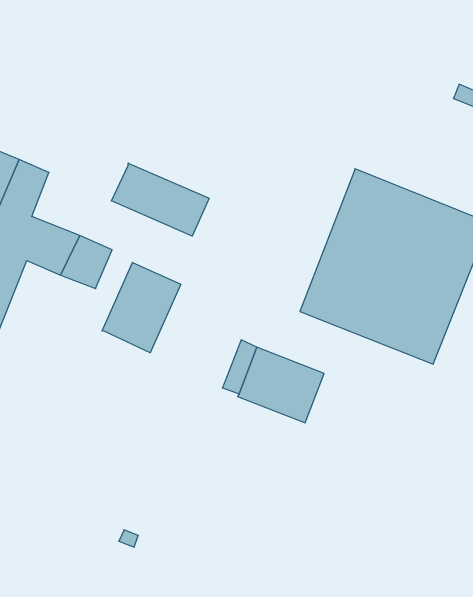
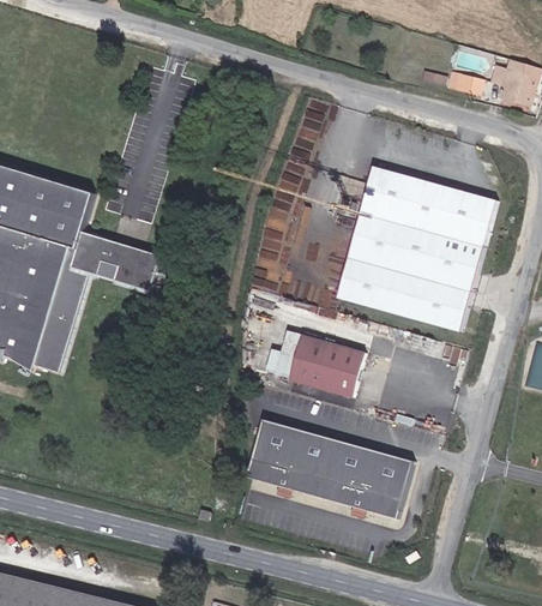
building: [111,163,209,236] -> none
building: [102,262,181,353] -> none
building: none -> [245,416,412,516]

